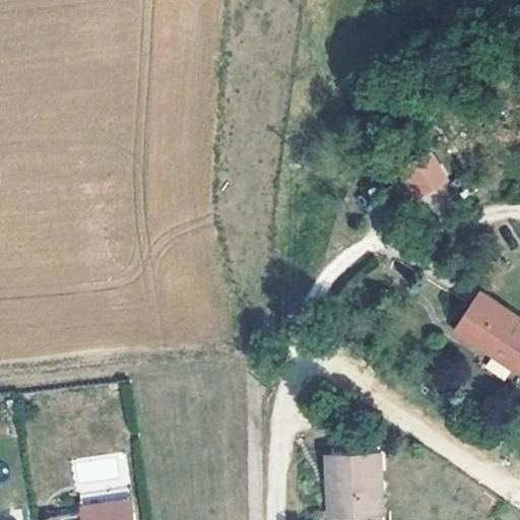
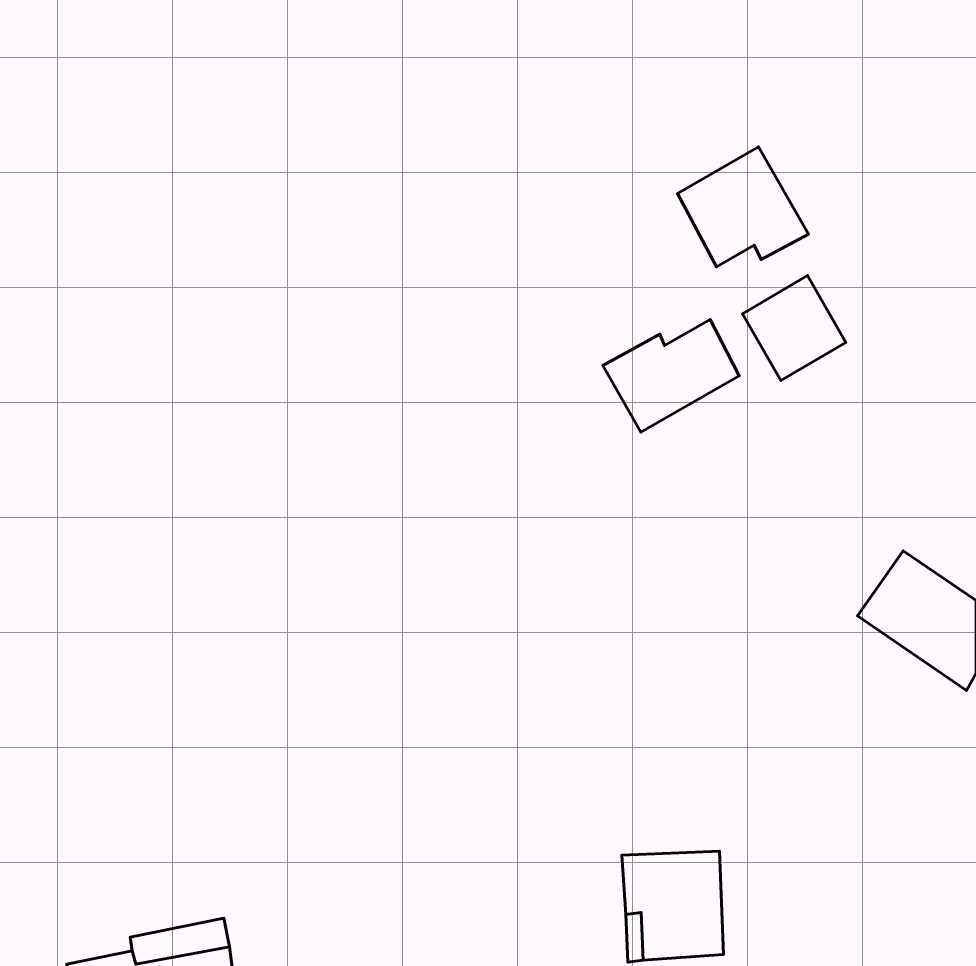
building: none -> [677,147,808,267]
building: none -> [603,320,739,432]

